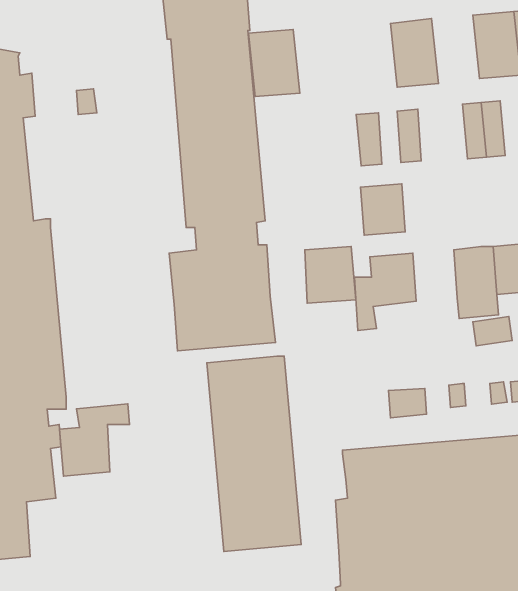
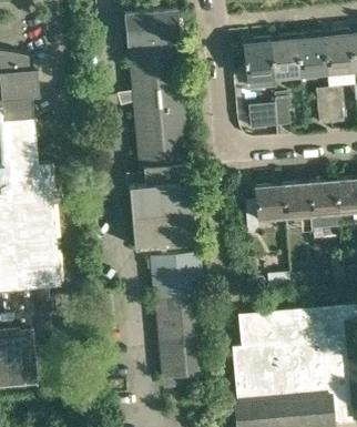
building: none -> [296,32,327,77]
building: [248,30,300,96] -> [241,38,274,81]
building: [361,184,405,235] -> [284,184,313,217]
building: [305,247,356,303] -> none
building: [60,404,129,476] -> none

